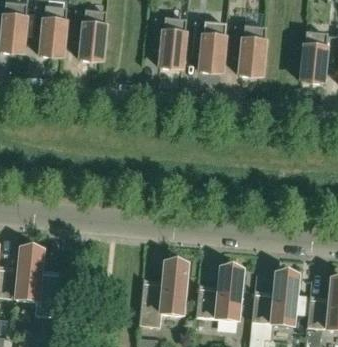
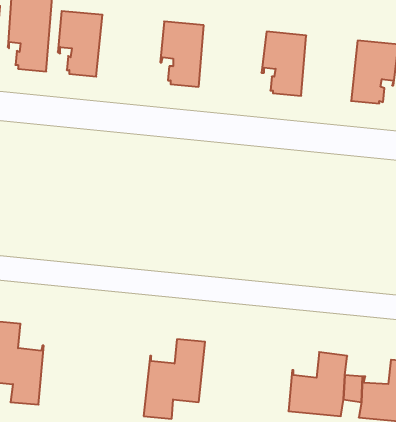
building: [192,21,226,71] -> none
building: [196,270,242,320] -> none

